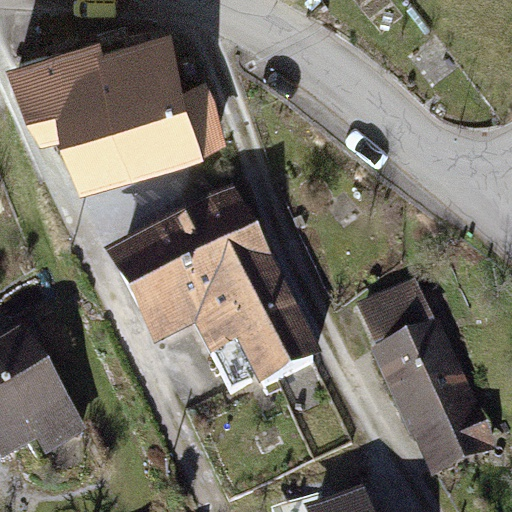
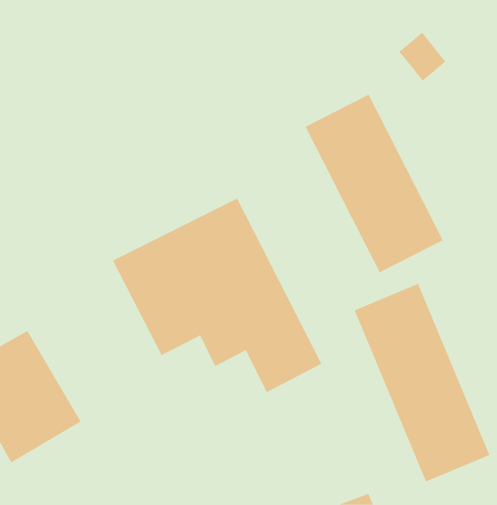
building: [34,25,214,182] -> none
building: none -> [305,94,444,273]

